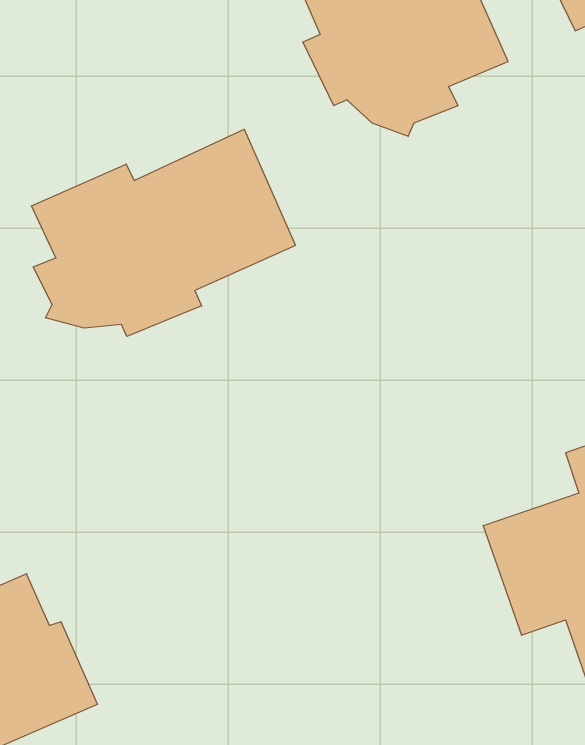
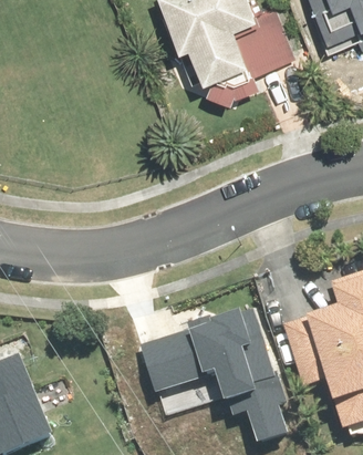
building: [31,129,296,336] -> none
building: none -> [139,312,287,443]

